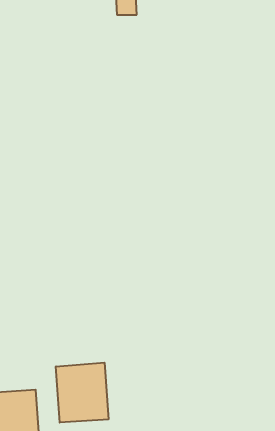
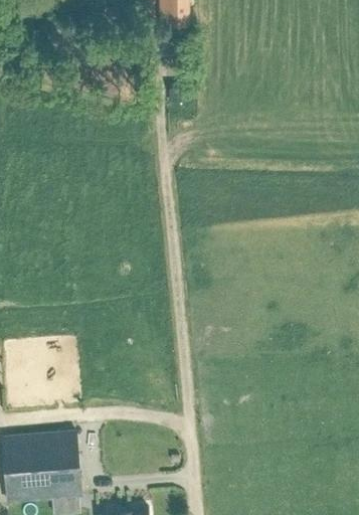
building: [56,363,108,423] -> none

